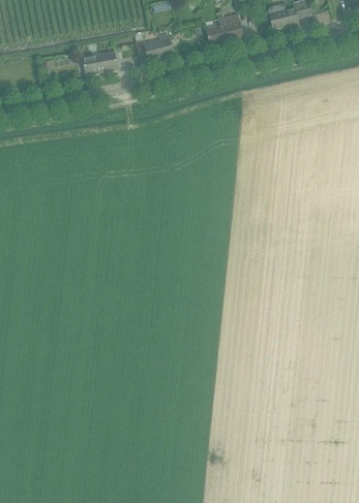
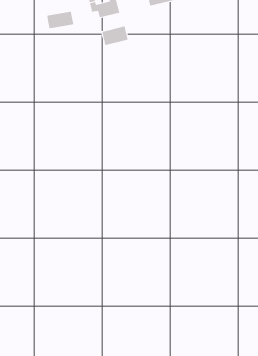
building: none -> [102,26,128,46]

